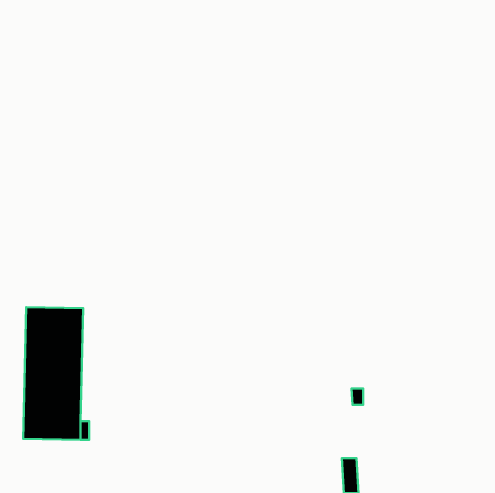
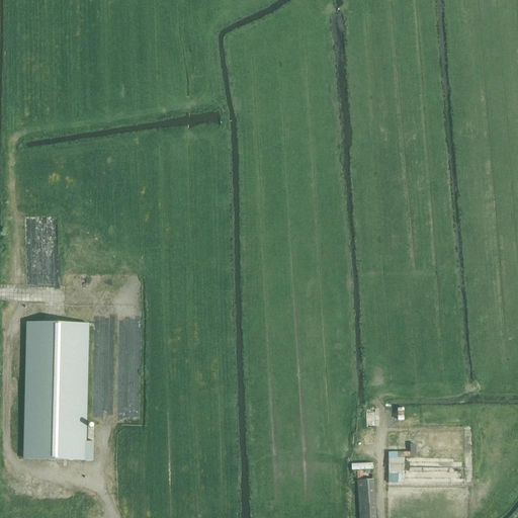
building: none -> [388,456,405,482]

